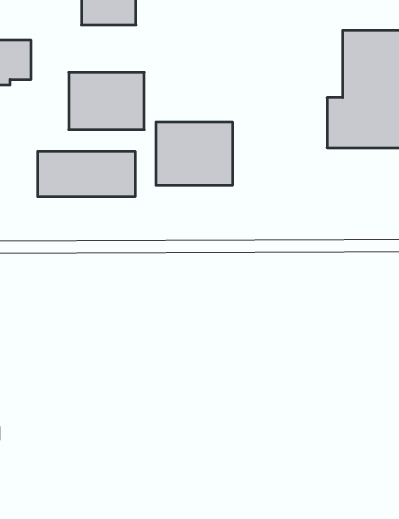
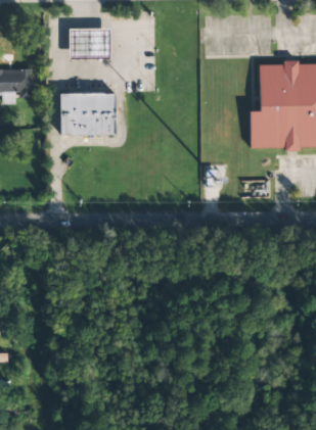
building: [156,122,232,185] -> none
building: [38,151,135,197] -> none

